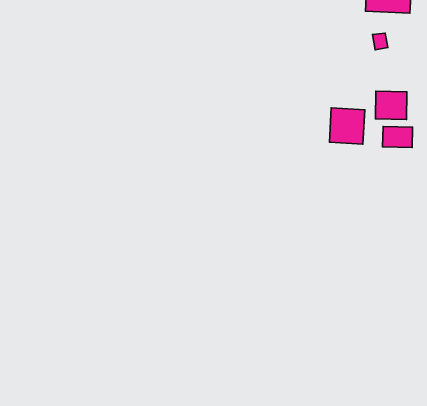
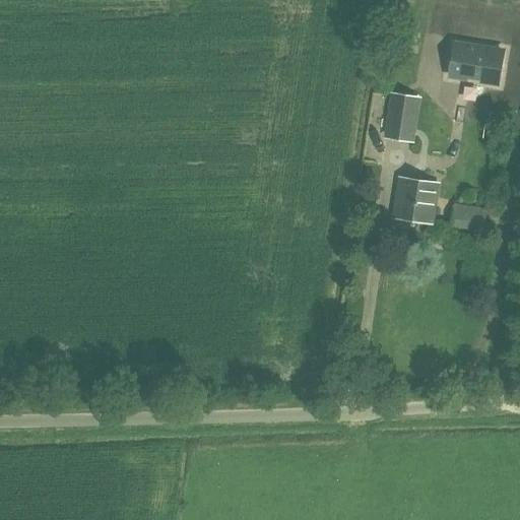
building: none -> [385,94,416,139]
building: [376,91,407,120] -> none

